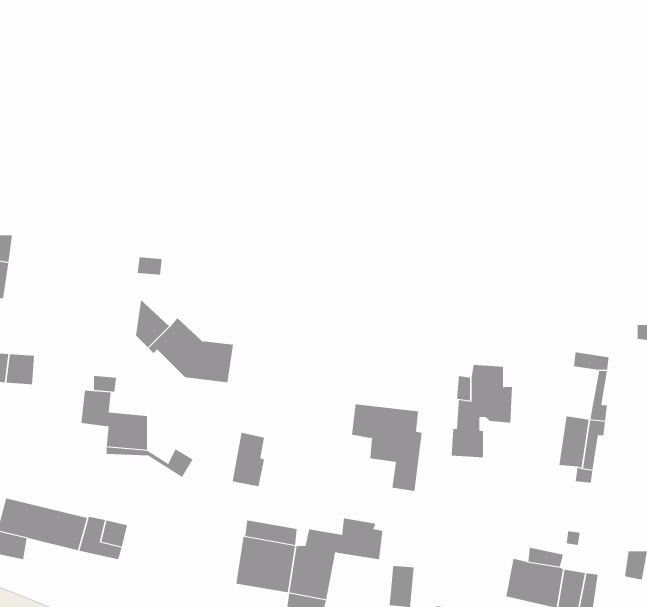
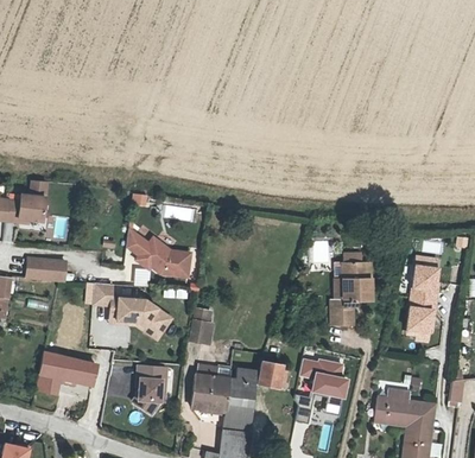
building: none -> [410,266,431,300]
building: [351,404,422,491] -> [299,357,346,414]
building: none -> [138,300,173,329]
building: none -> [137,364,167,413]

